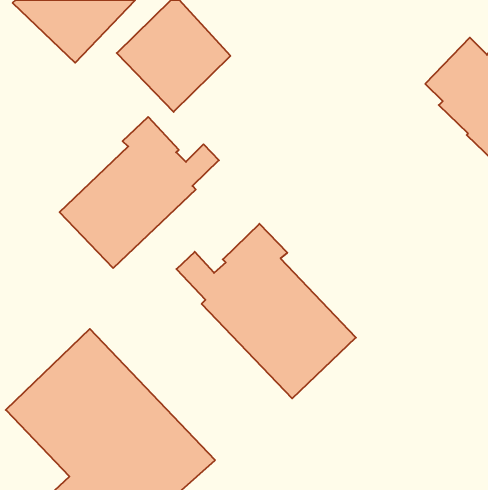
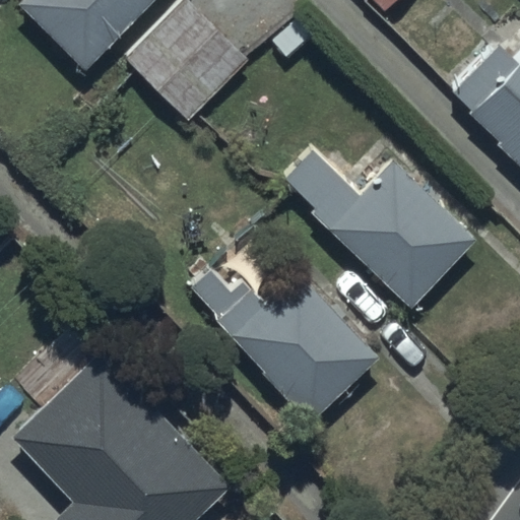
building: [60,117,219,268] -> none
building: none -> [287,148,476,309]

